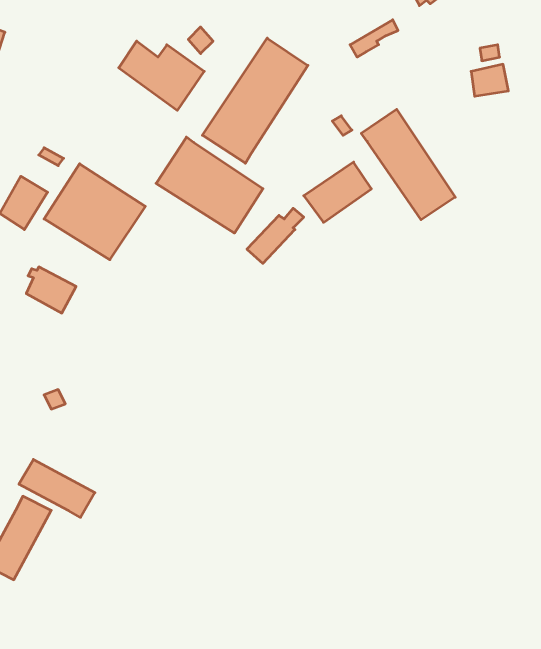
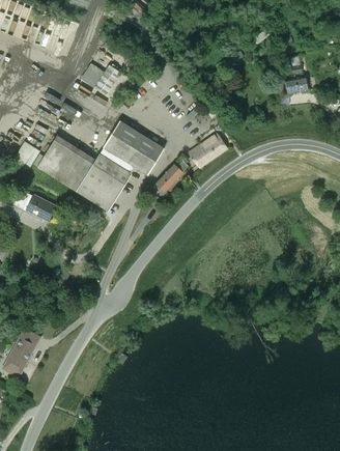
building: [202,38,308,163] -> none
building: [361,109,455,220] -> none
building: none -> [78,154,130,208]
building: [19,459,95,517] -> none

